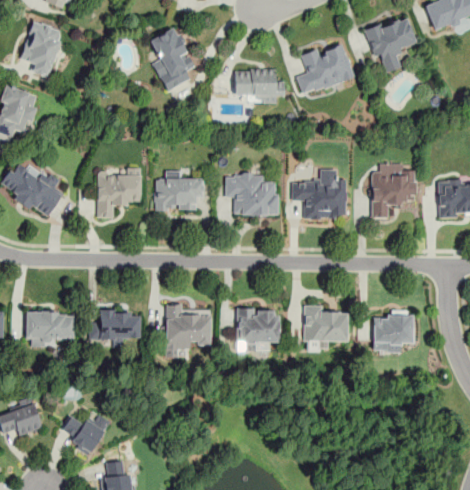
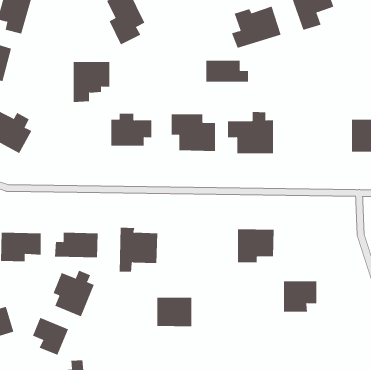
building: [234,70,285,96] -> [206,60,249,82]
building: [371,163,417,218] -> none
building: [97,170,141,218] -> [73,62,110,102]
building: [236,310,278,345] -> [157,297,192,327]
building: [373,316,413,353] -> [283,281,317,312]
building: none -> [53,270,94,317]

